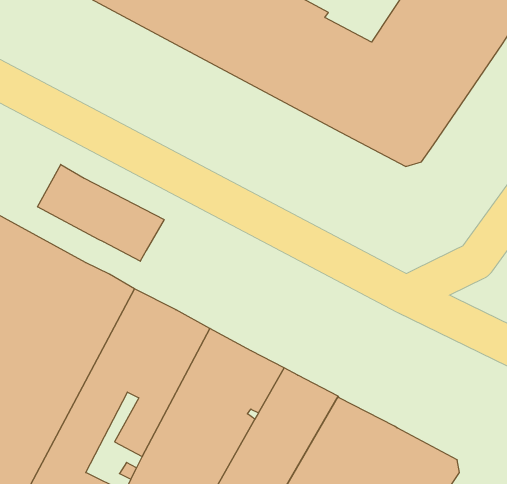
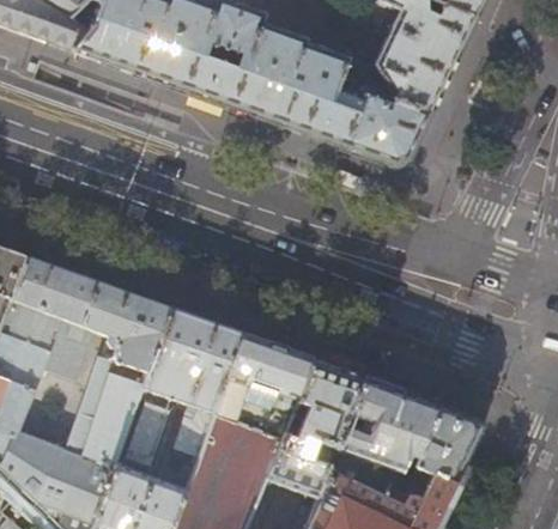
building: [38,164,164,261] -> none

